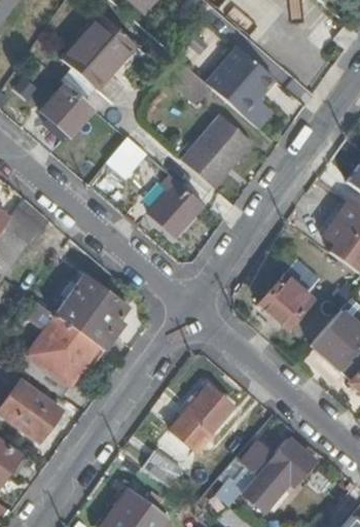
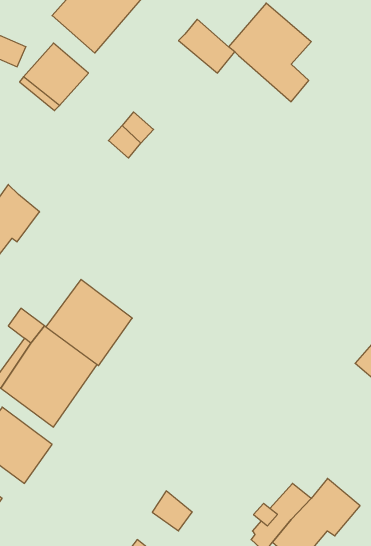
building: [182,115,254,189] -> none
building: [152,175,203,233] -> none
building: [260,273,315,327] -> none
building: [172,386,236,452] -> none

